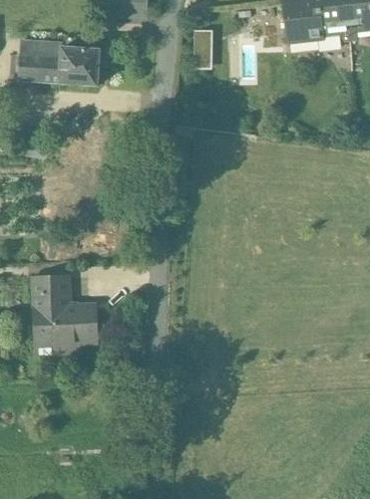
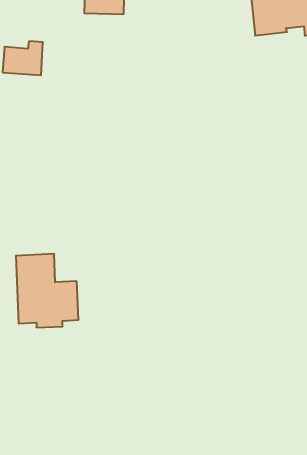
building: [192,27,211,65] -> none
building: [57,46,97,85] -> none

